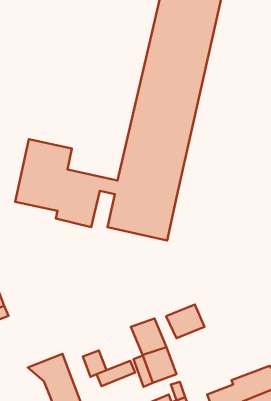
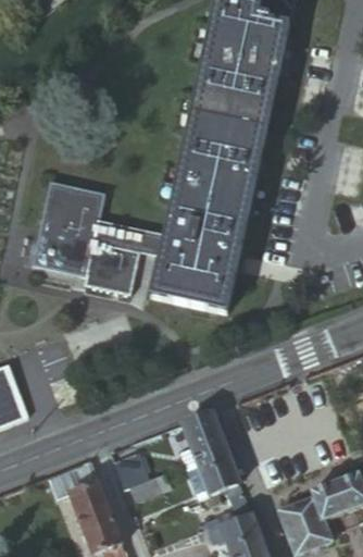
building: [166,304,204,338] -> none

